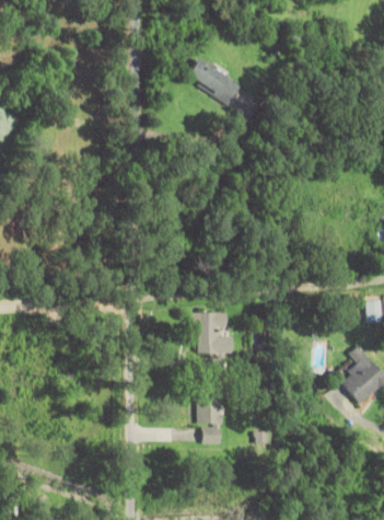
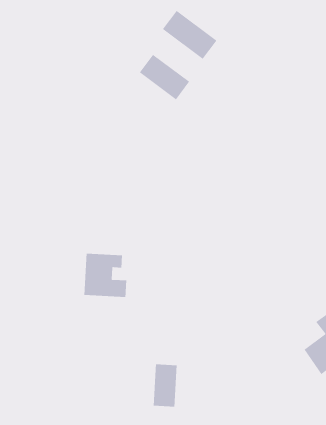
building: none -> [139,54,190,100]
building: [194,312,235,354] -> [83,253,127,298]

